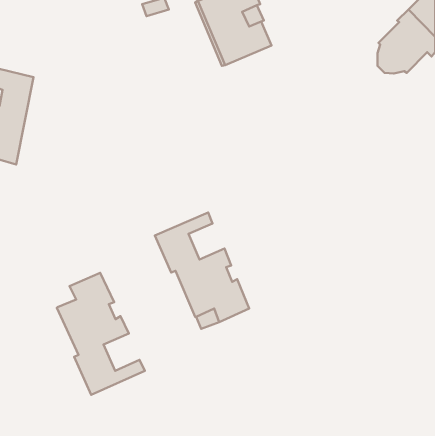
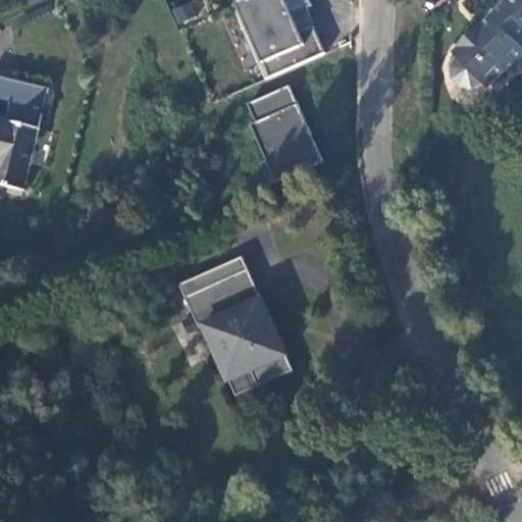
building: none -> [247,85,321,182]
building: none -> [224,266,267,309]
building: [57,273,145,395] -> none

